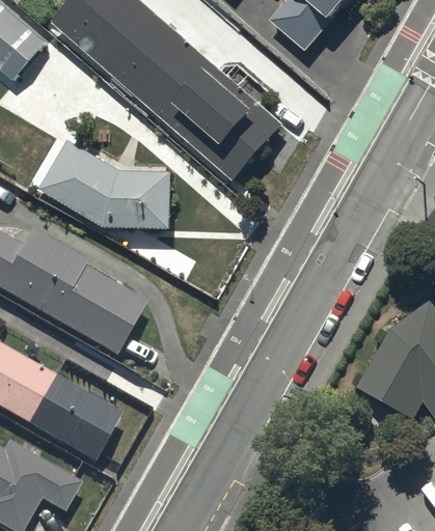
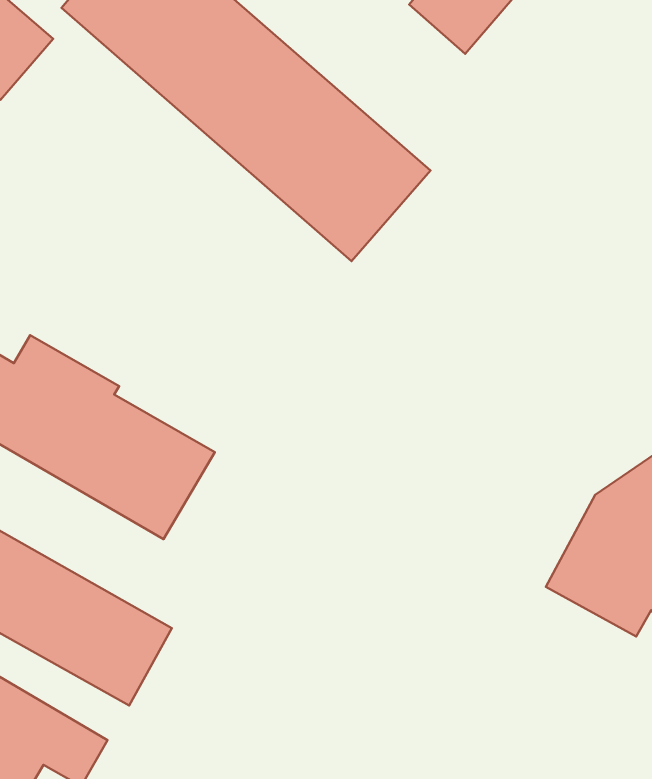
building: [40,138,172,226] -> none

